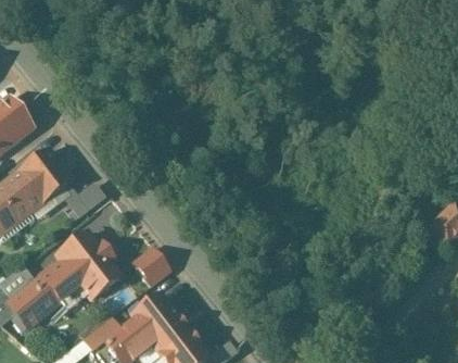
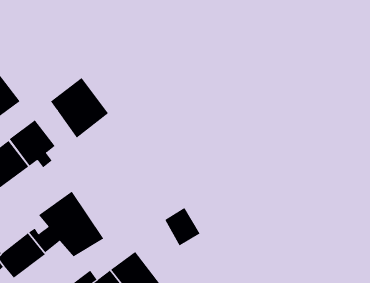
building: none -> [50,77,109,138]
building: [131,241,171,285] -> [164,207,201,246]

